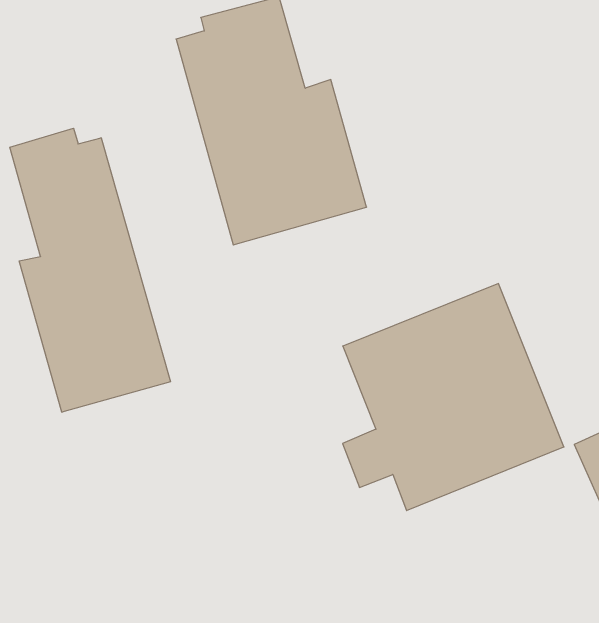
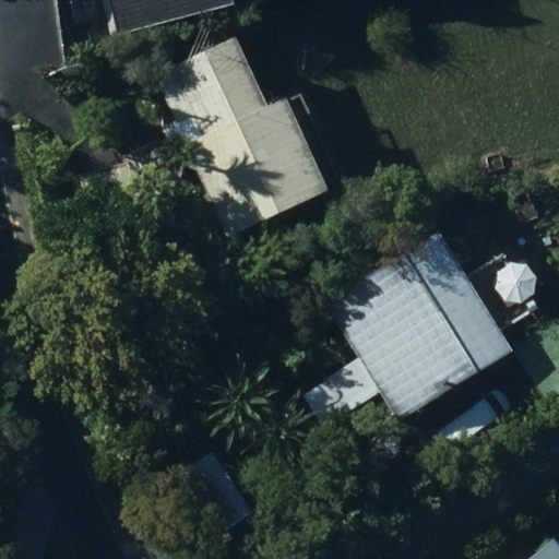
building: [10,128,171,412] -> none

